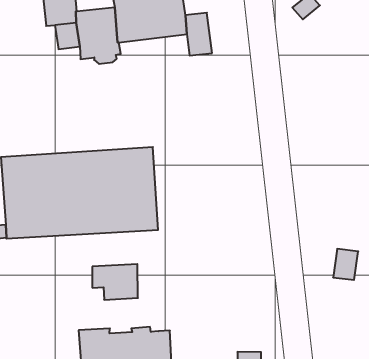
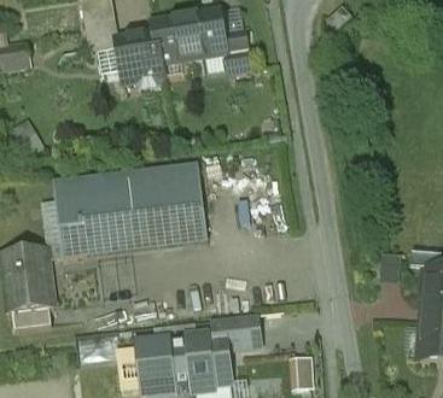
building: [92,264,138,300] -> [214,312,260,349]

